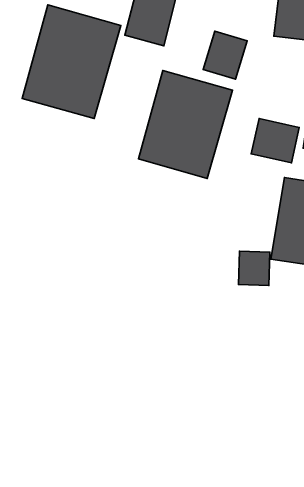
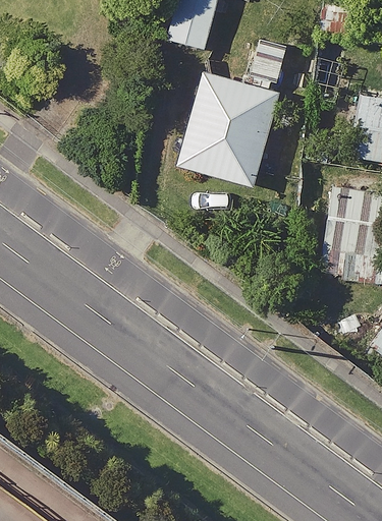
building: [22,5,121,119] -> none

